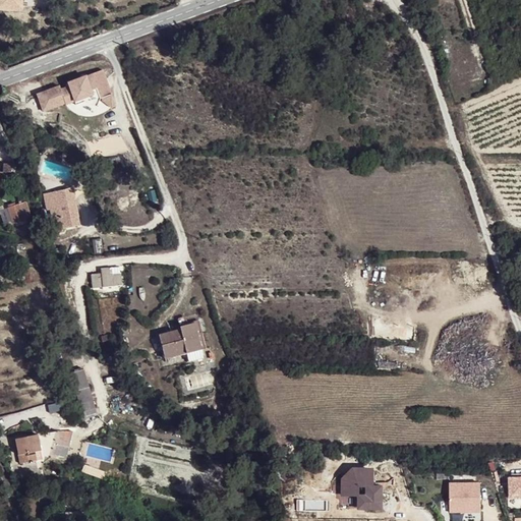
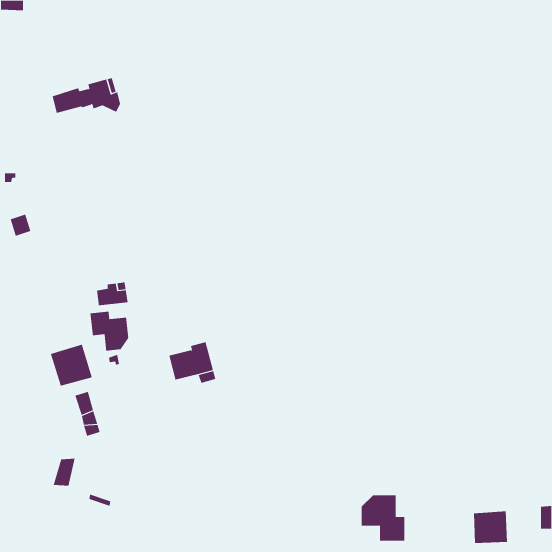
building: [50,189,78,234] -> none
building: none -> [90,311,129,351]
building: none -> [50,344,92,386]
building: [16,435,40,463] -> none

